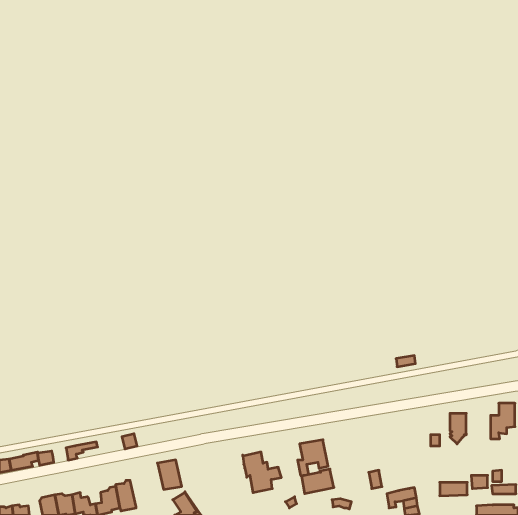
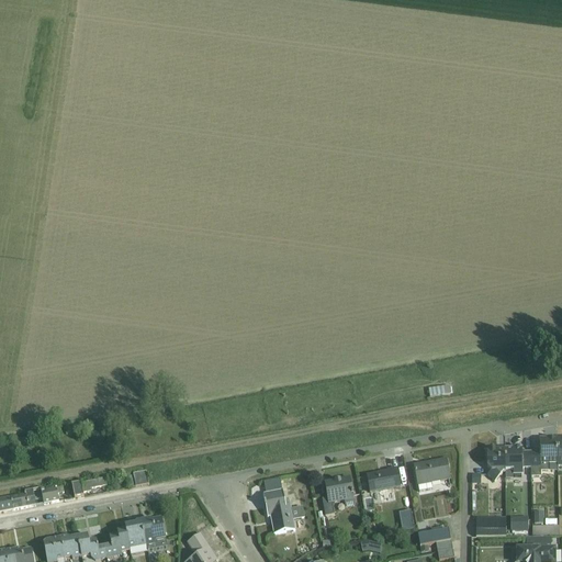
building: none -> [504,445,530,474]
building: none -> [413,458,449,491]
building: [157,460,182,489] -> [140,516,167,548]
building: [301,469,334,494] -> [366,465,401,492]

